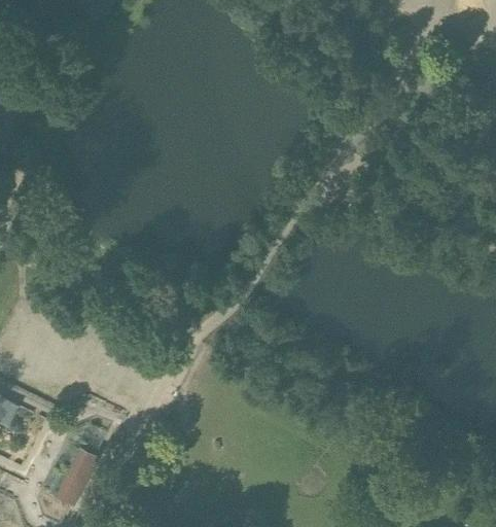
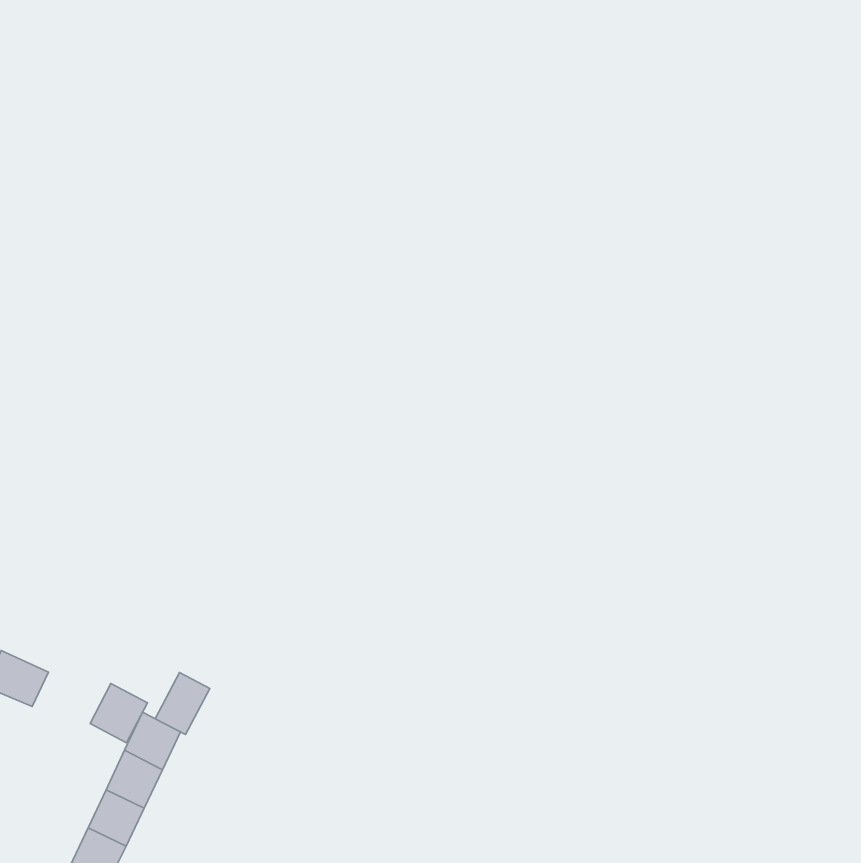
building: none -> [155,672,210,735]
building: none -> [90,684,147,743]

